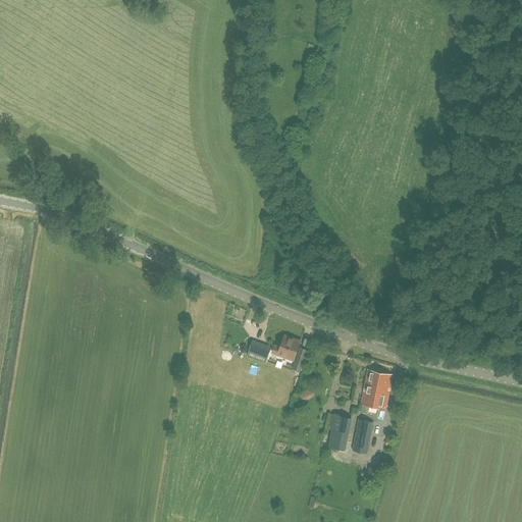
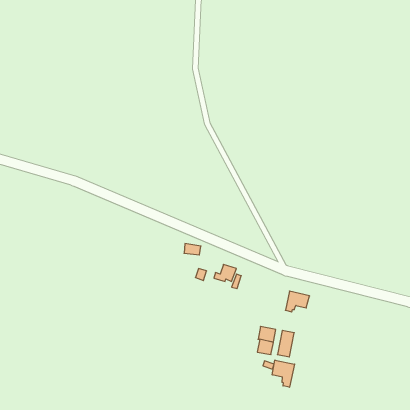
building: [361,388,388,410] -> none
building: none -> [272,360,295,387]

